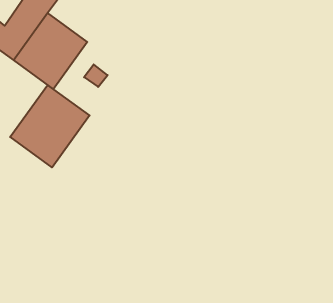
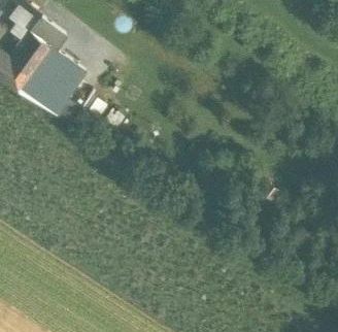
building: [10,85,90,167] -> none

